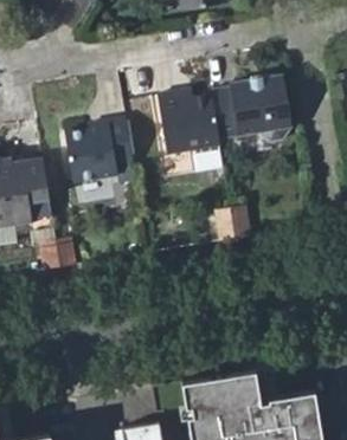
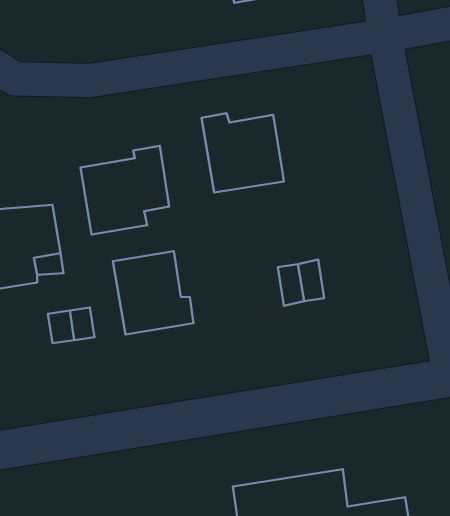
building: [210,75,291,142] -> none
building: none -> [113,251,194,334]

